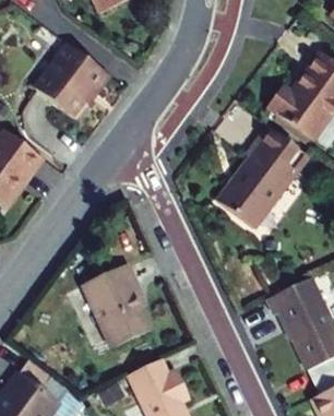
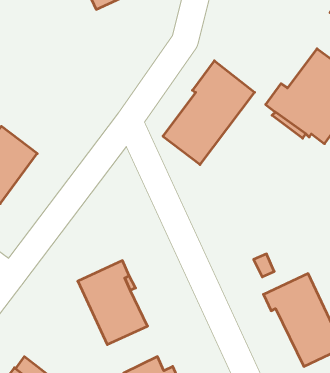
building: [34,44,108,116] -> none
building: [216,124,308,228] -> [163,61,255,165]

